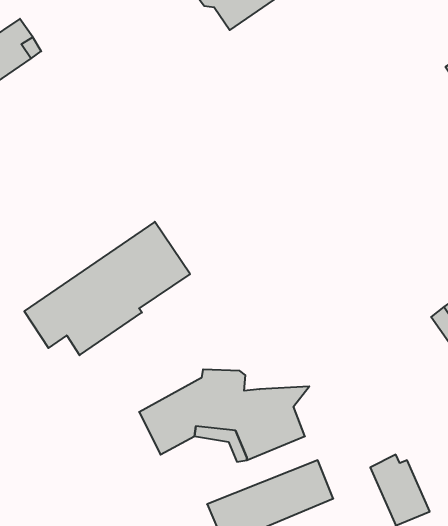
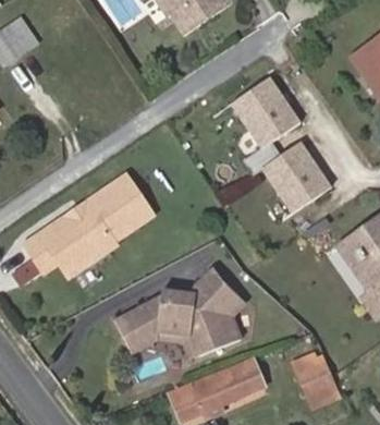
building: none -> [232,75,333,212]
building: none -> [193,267,246,304]

